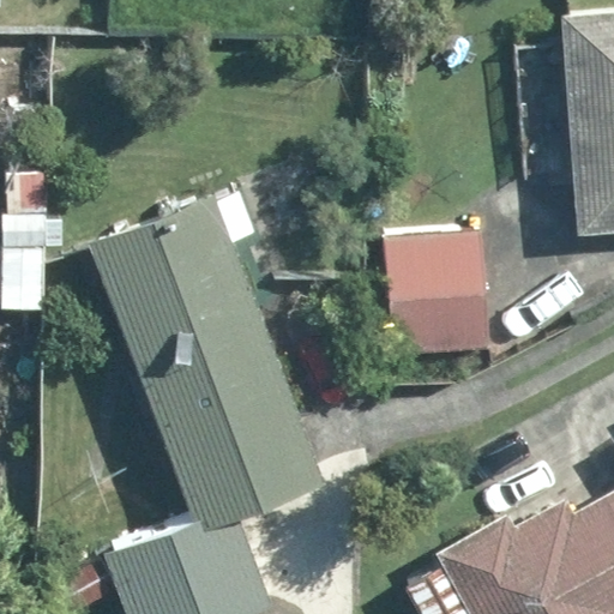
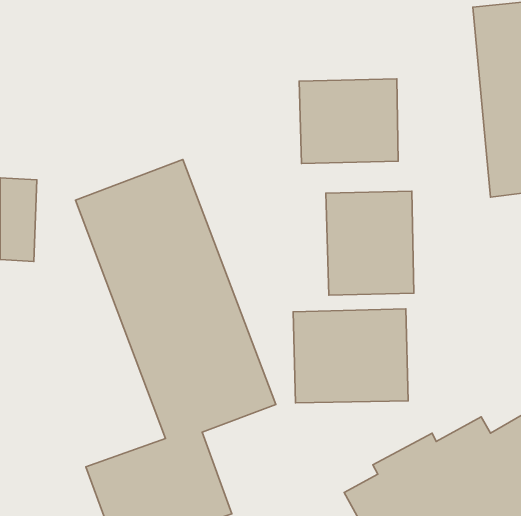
building: none -> [299,79,398,163]
building: none -> [293,309,408,403]

